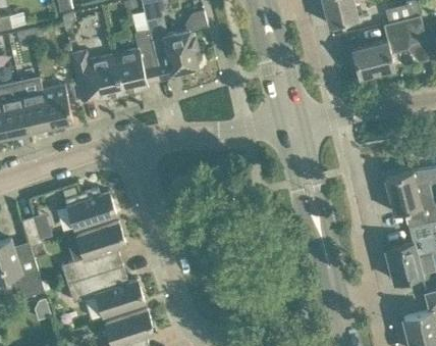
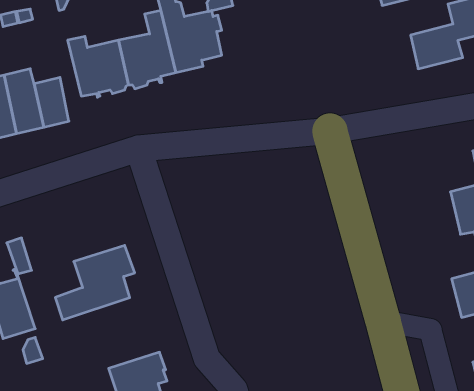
building: [65,189,116,229] -> none
building: [67,265,145,318] -> none

